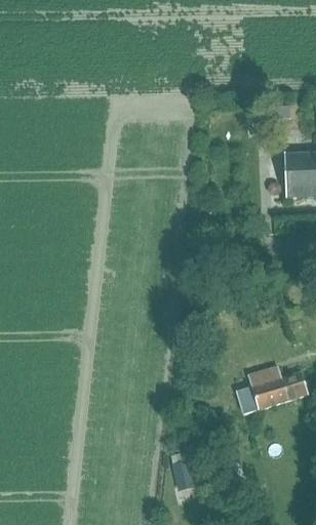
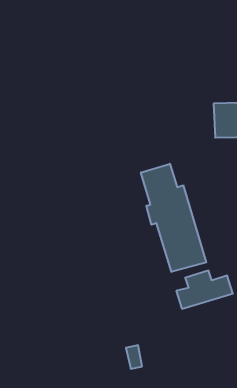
building: none -> [141,164,206,272]

